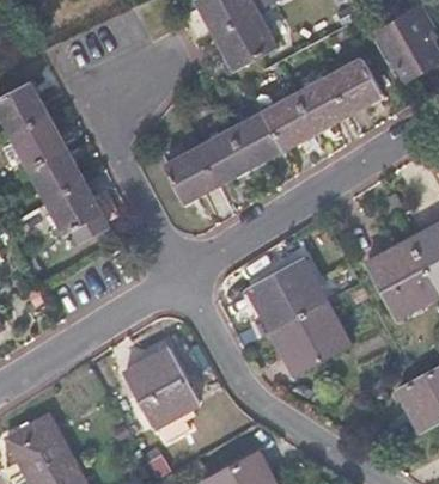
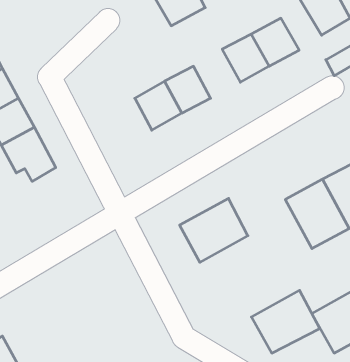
building: [262,93,315,148] -> none
building: [164,148,215,201] -> none
building: [269,302,346,373] -> [251,290,320,353]
building: [126,347,197,425] -> none

